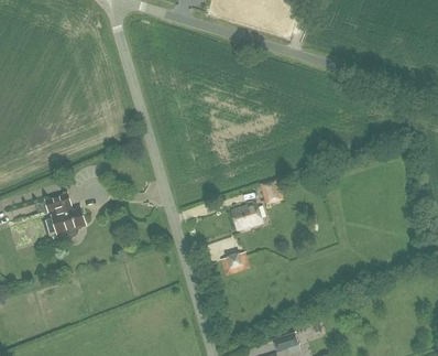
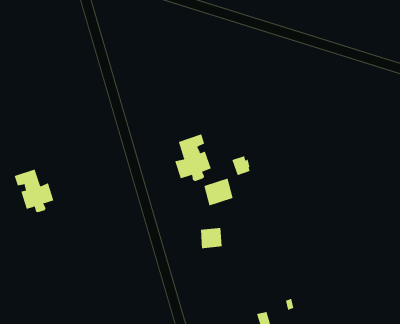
building: none -> [174,134,211,182]

